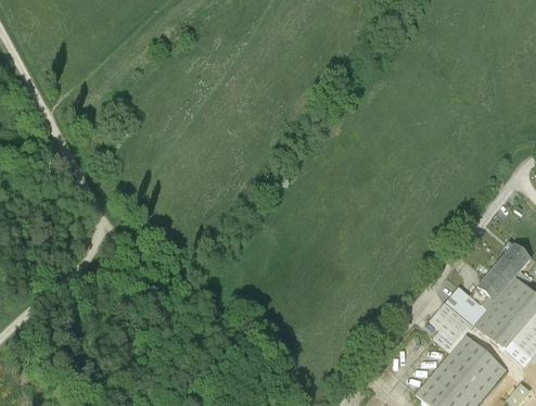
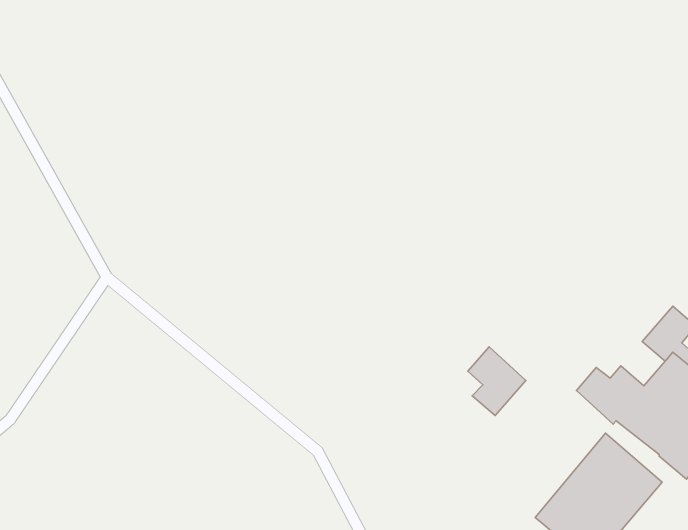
building: [477,269,509,301] -> none
building: [431,304,472,353] -> [468,347,526,416]

